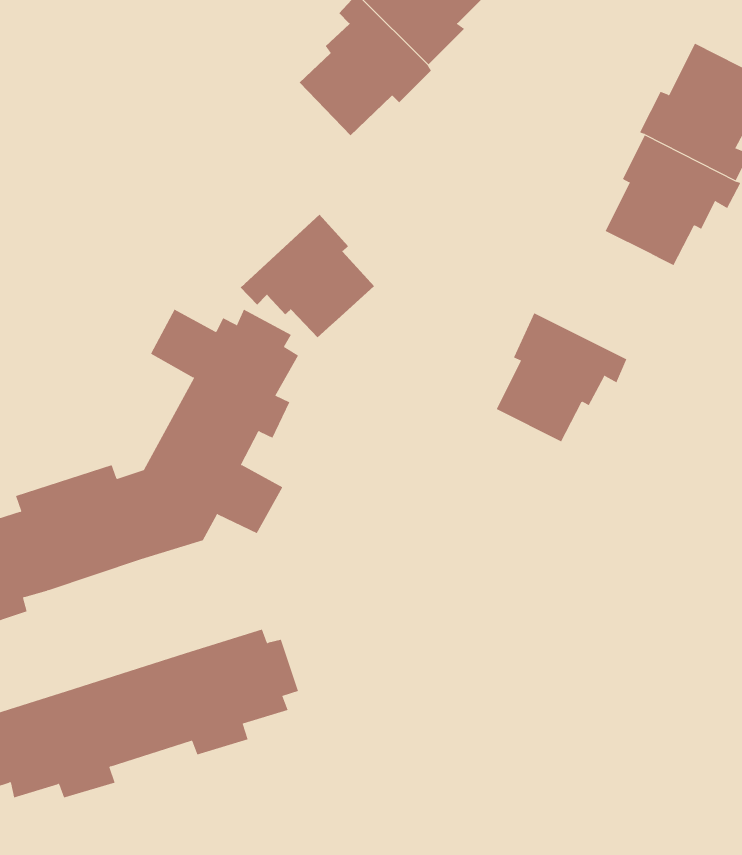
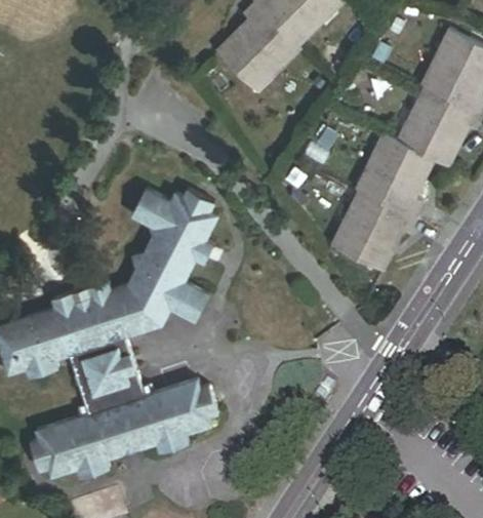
building: [239,214,375,338] -> none
building: none -> [356,135,427,216]
building: none -> [70,336,151,414]

